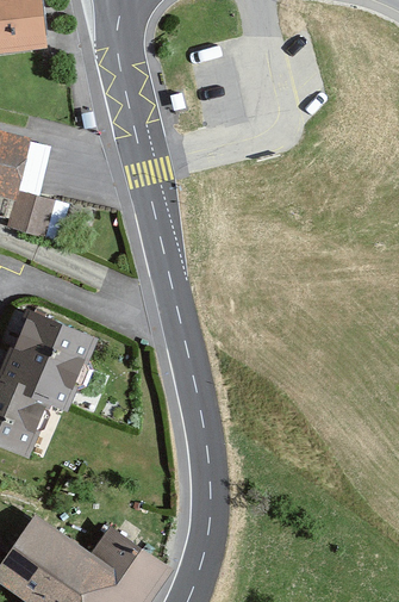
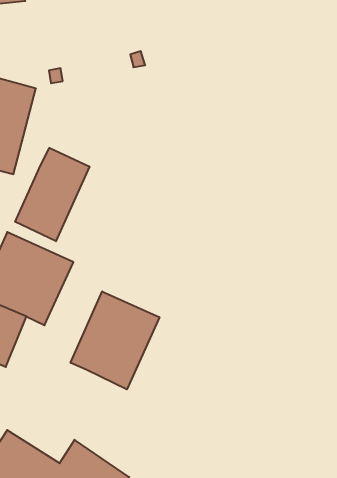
building: none -> [15,148,89,241]
building: none -> [71,291,159,389]

